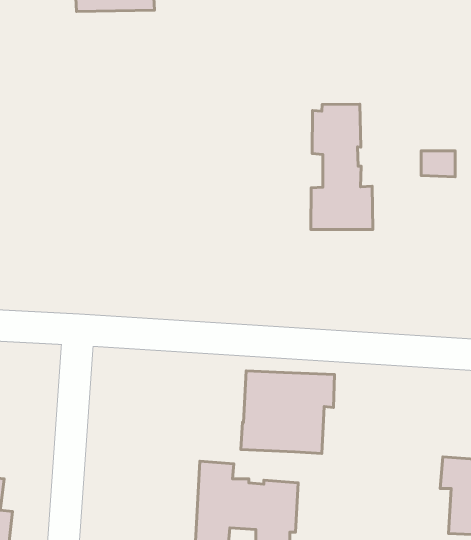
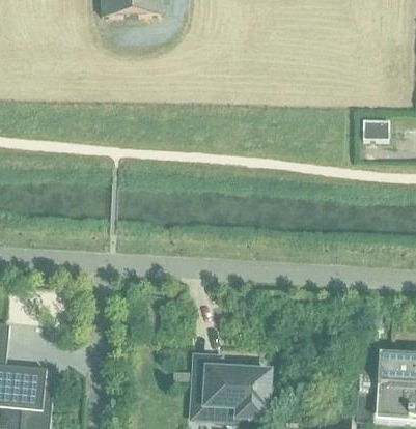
building: [311,104,373,229] -> none
building: [241,371,334,454] -> none

